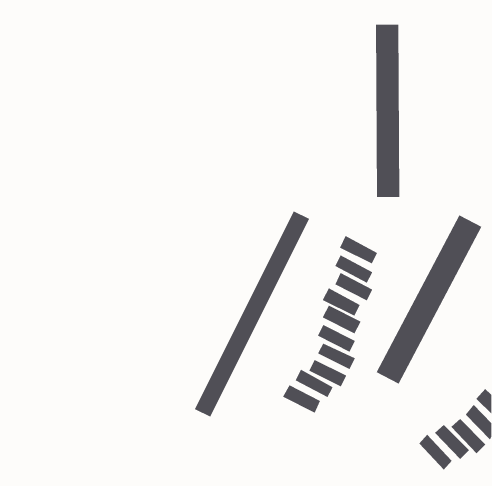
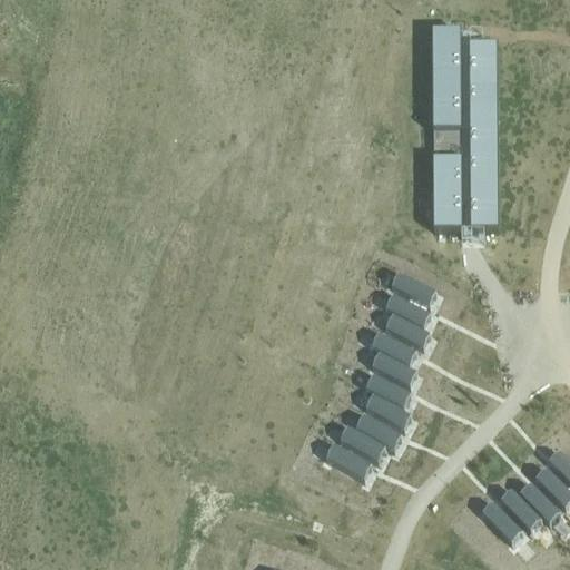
building: none -> [469,42,498,227]
building: [194,210,310,418] -> none
building: [376,214,482,385] -> none

